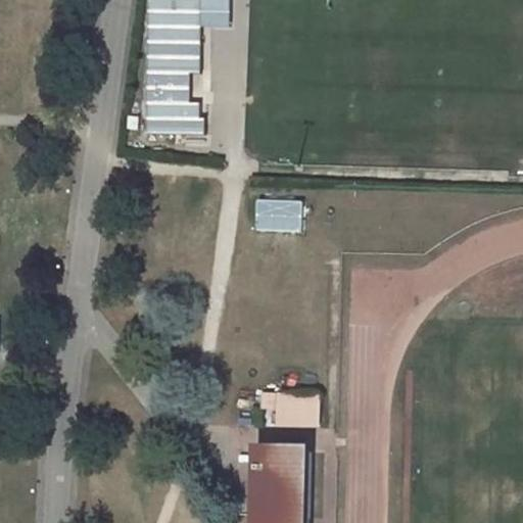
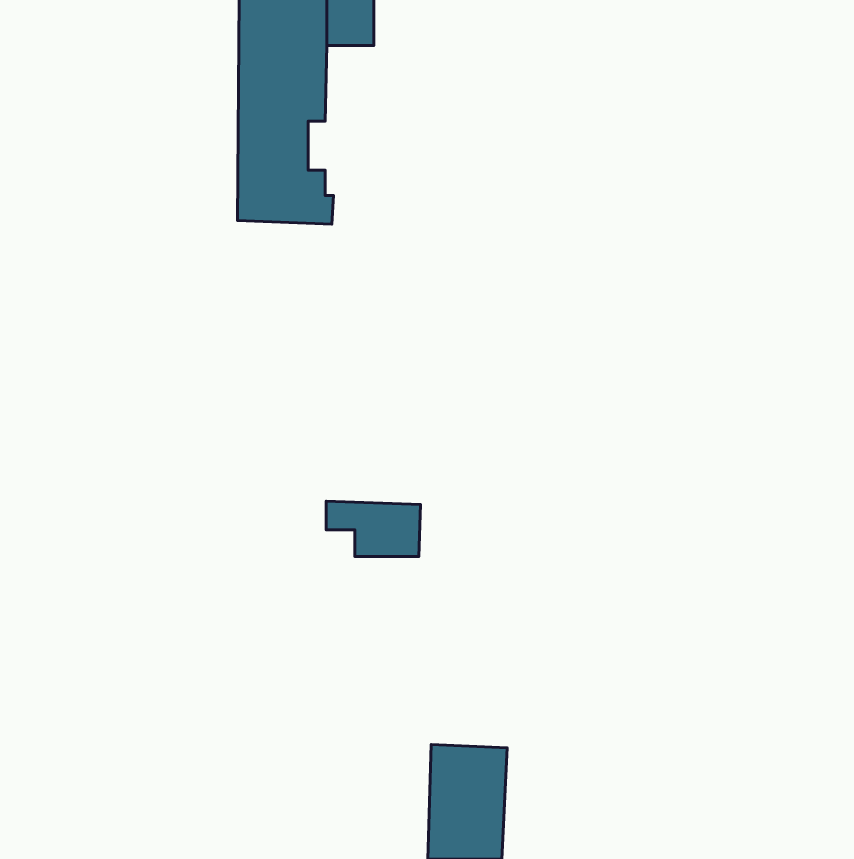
building: [255,199,301,231] -> none
building: [257,391,315,425] -> [326,501,420,557]

